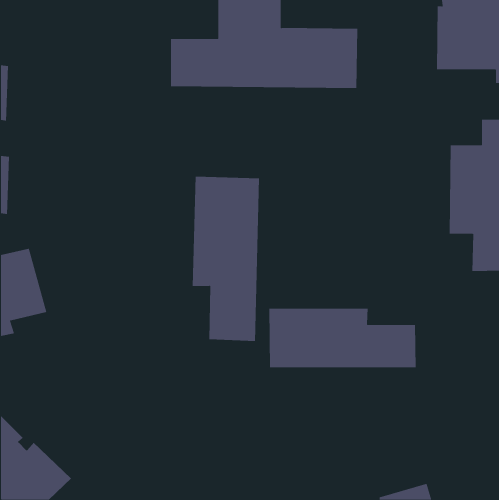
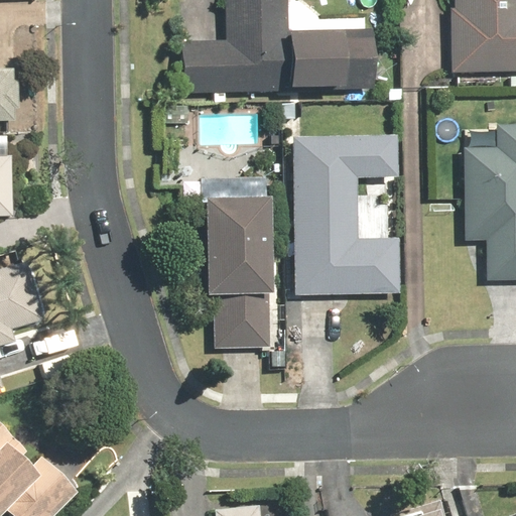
building: none -> [292,135,401,295]
building: [269,308,416,368] -> none

